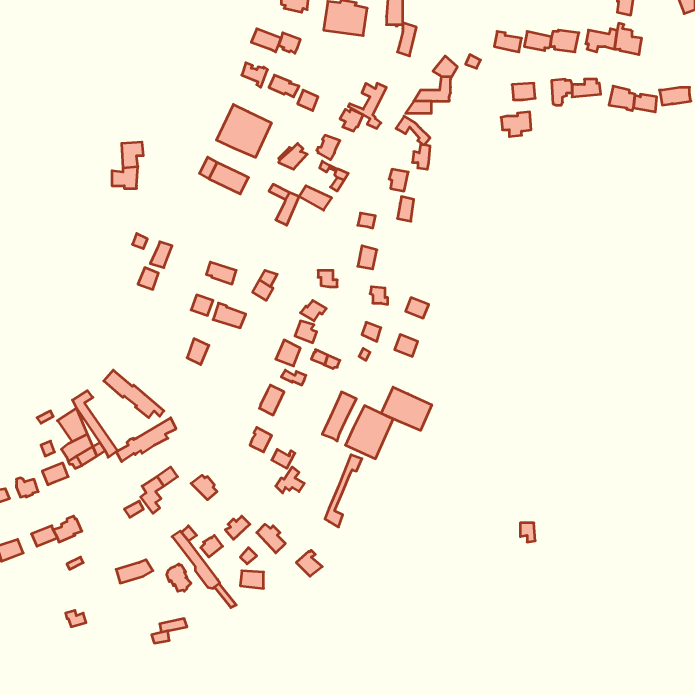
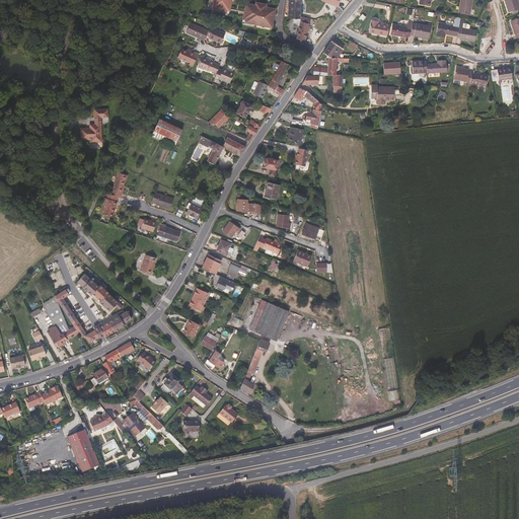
building: [216,104,271,157] -> none
building: [381,387,432,430] -> none
building: none -> [66,427,97,470]

